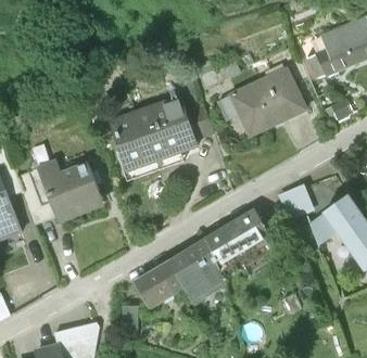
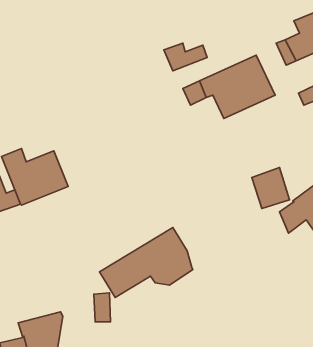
building: [111,99,195,170] -> none
building: [204,212,270,278] -> none

